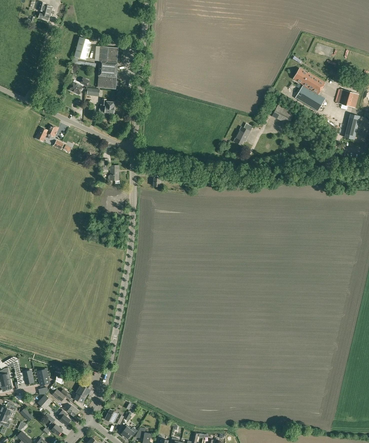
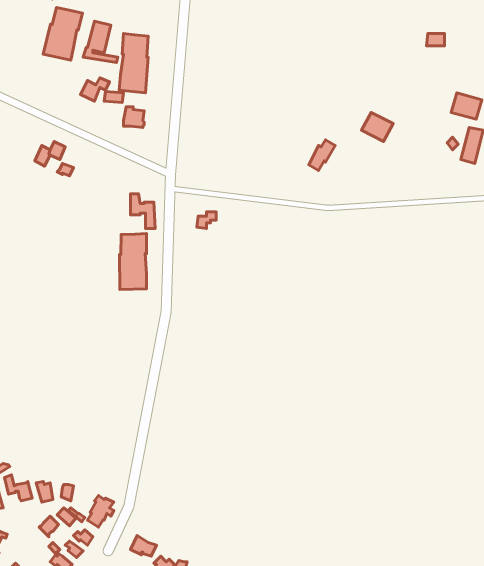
building: none -> [43,7,83,60]
building: [293,68,325,111] -> none
building: none -> [120,234,147,290]

